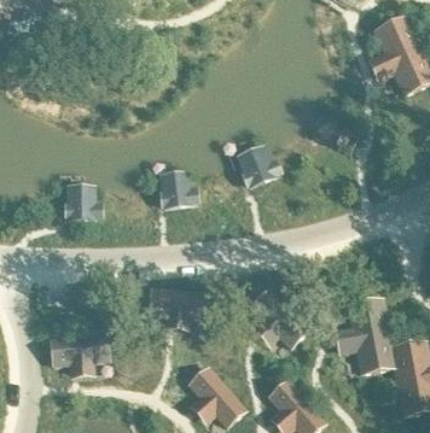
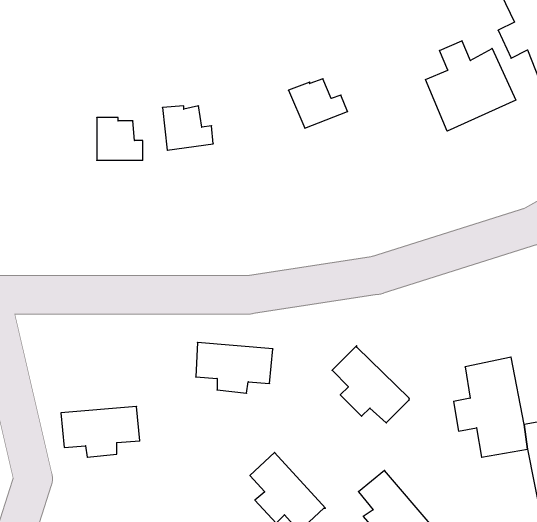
building: none -> [426,41,516,131]
building: [237,148,280,185] -> [288,79,348,128]
building: [159,174,197,206] -> [162,106,213,150]
building: [66,186,100,217] -> [97,118,143,160]

